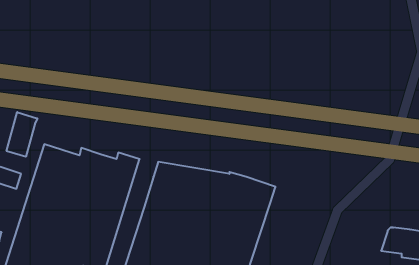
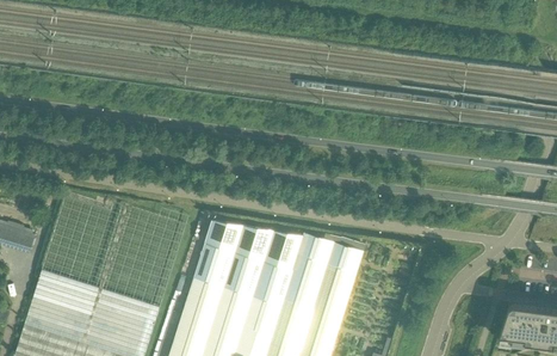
building: [7,112,37,157] -> none

